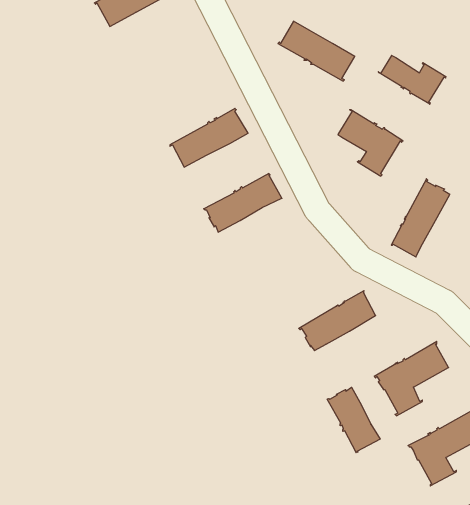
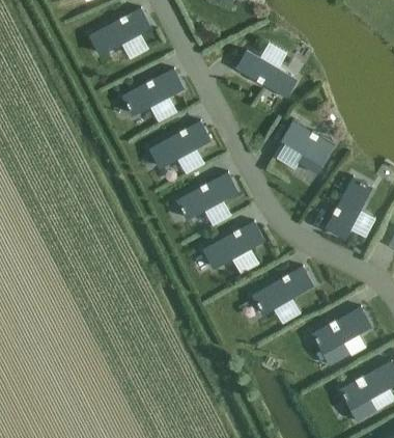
building: none -> [121,69,184,114]
building: [378,55,446,104] -> none
building: none -> [202,221,263,268]
building: [327,387,380,453] -> none

